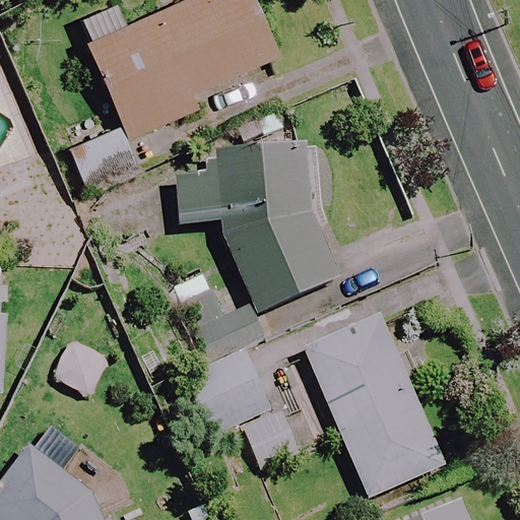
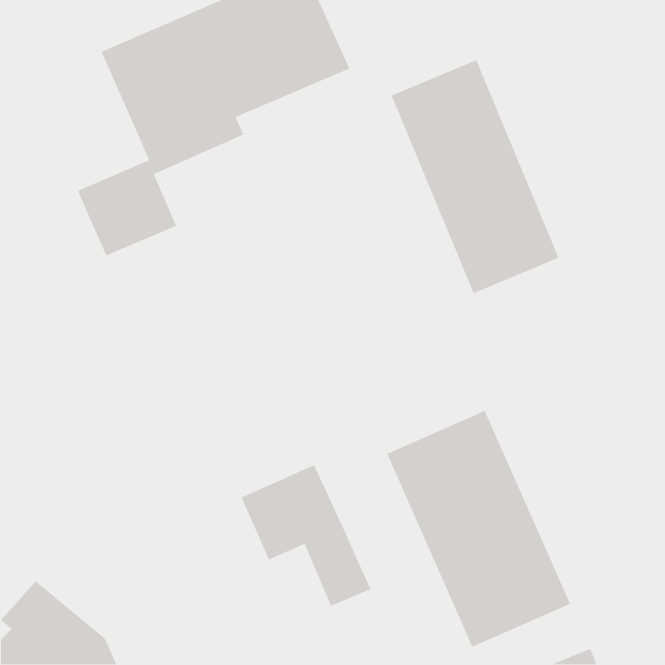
building: none -> [390,59,559,294]
building: [169,140,344,359] -> none

